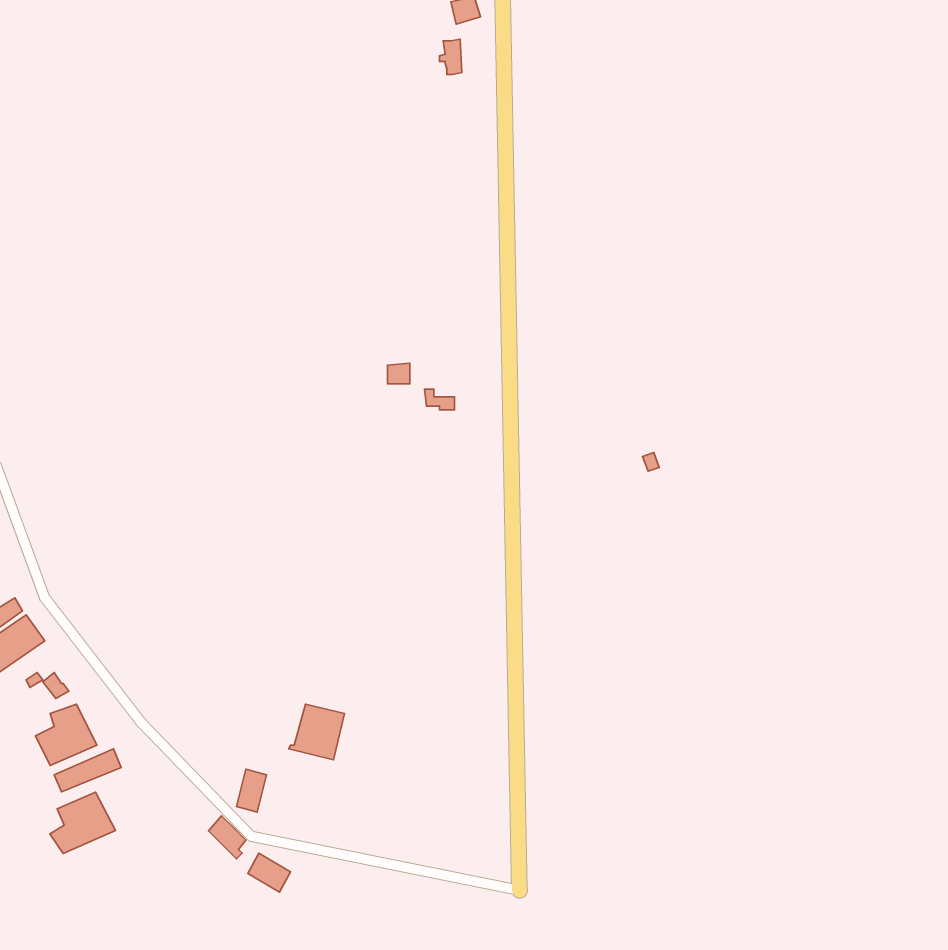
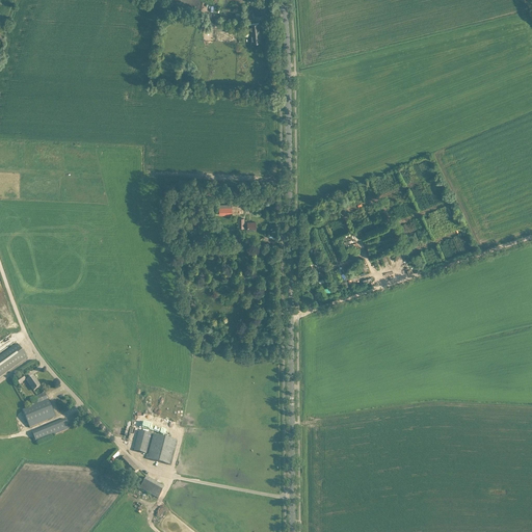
building: [289,704,345,760] -> [143,433,175,464]
building: [50,792,116,853] -> none

